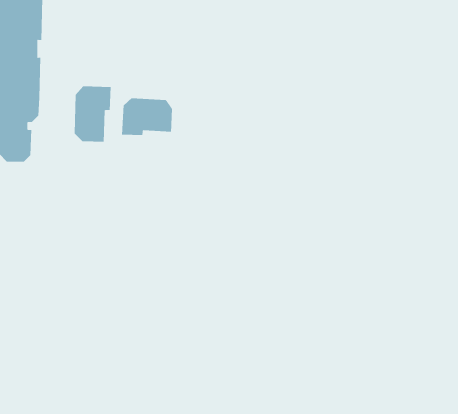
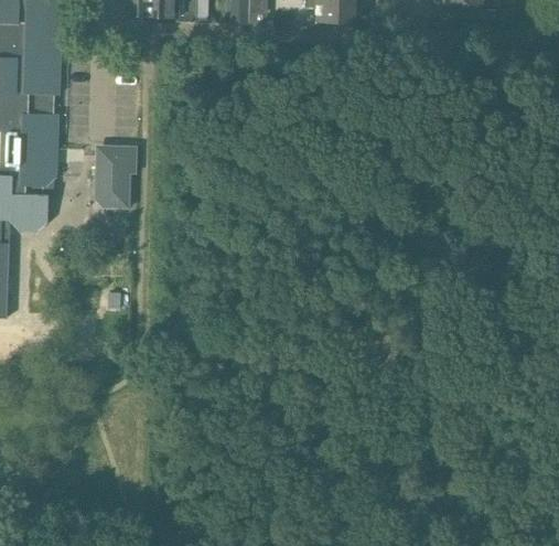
building: [122,98,172,136] -> none

